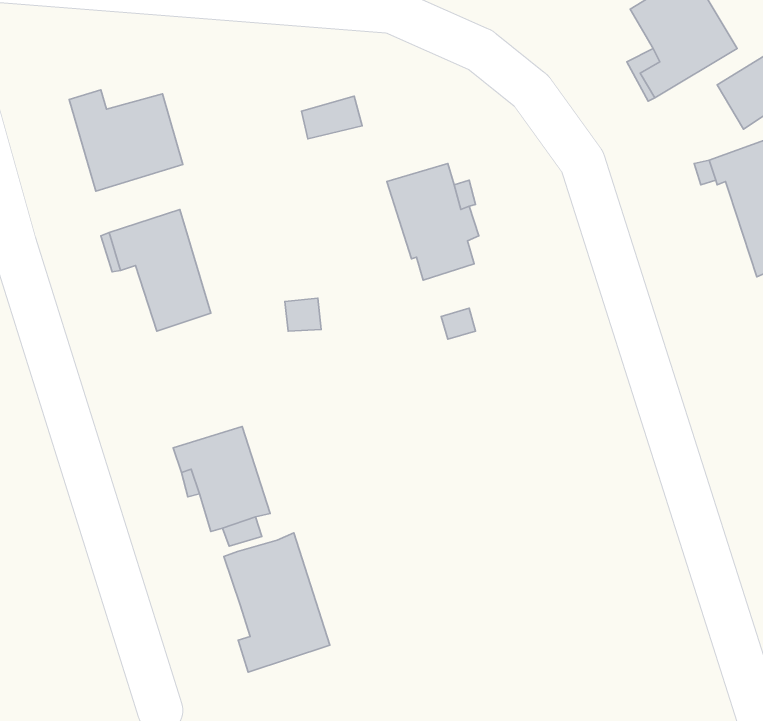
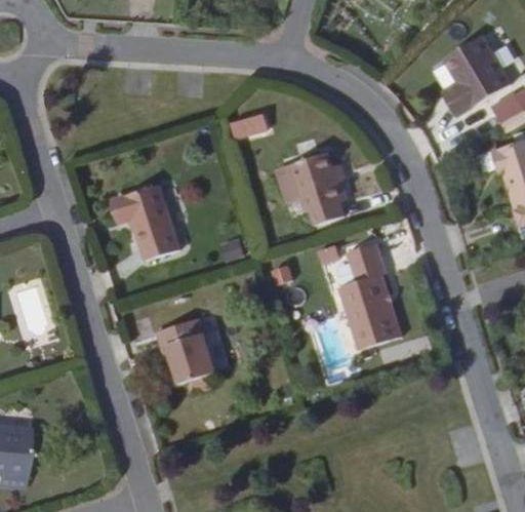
building: [69,90,183,191] -> none
building: none -> [338,244,399,348]
building: [224,533,330,672] -> none

